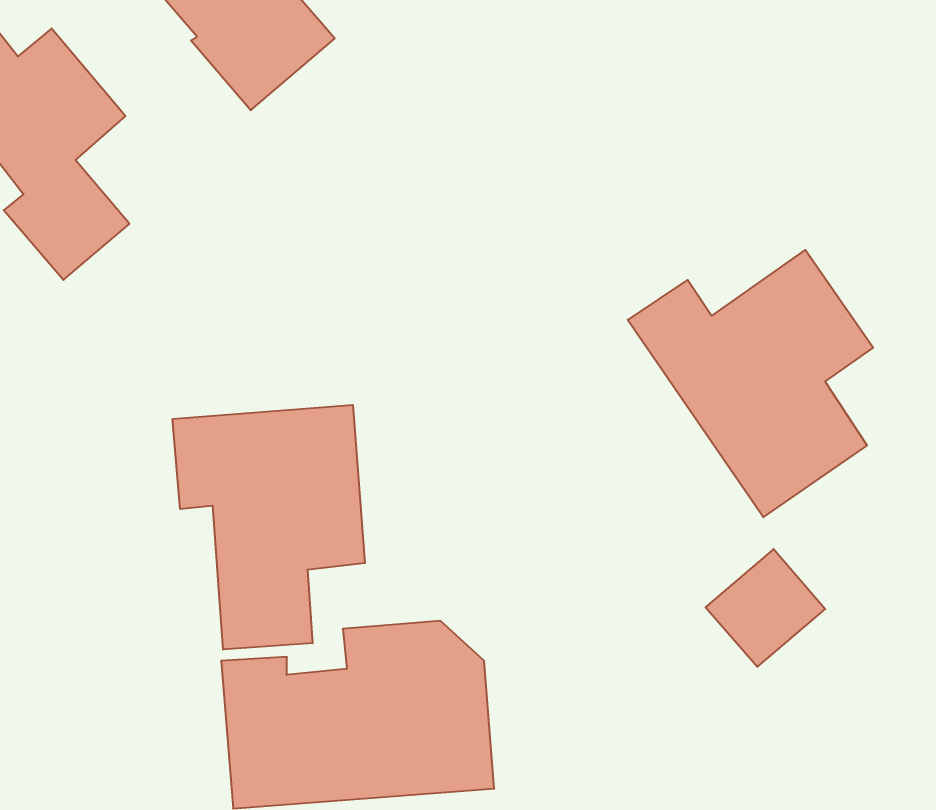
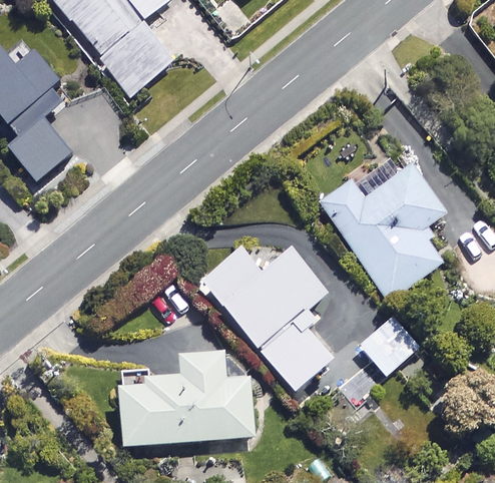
building: [173,405,365,650] -> none
building: none -> [199,247,332,391]

